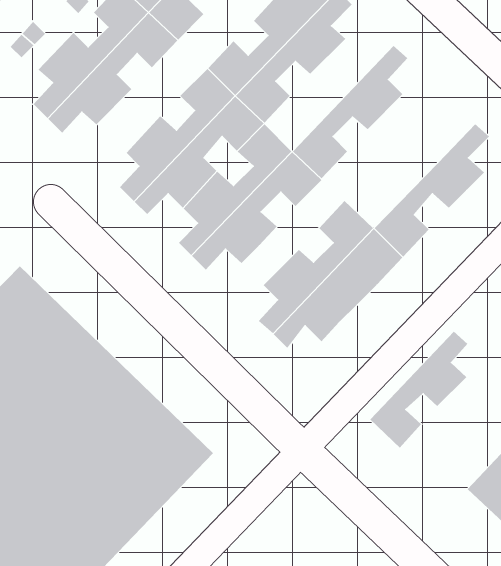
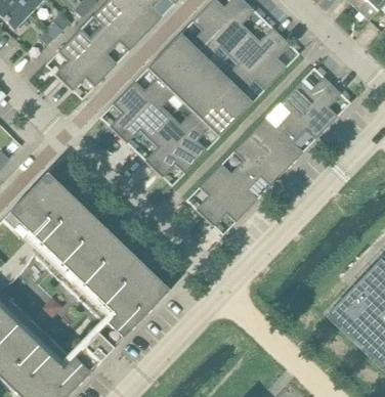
building: none -> [201,26,282,101]
building: none -> [251,75,333,149]
building: [370,331,468,448] -> none

